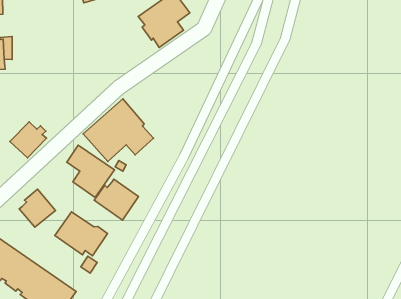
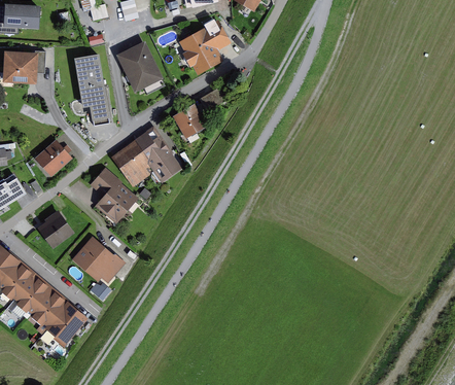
building: none -> [115,40,163,92]
building: none -> [72,54,109,122]
building: none -> [172,90,222,138]
building: [94,179,139,220] -> none

